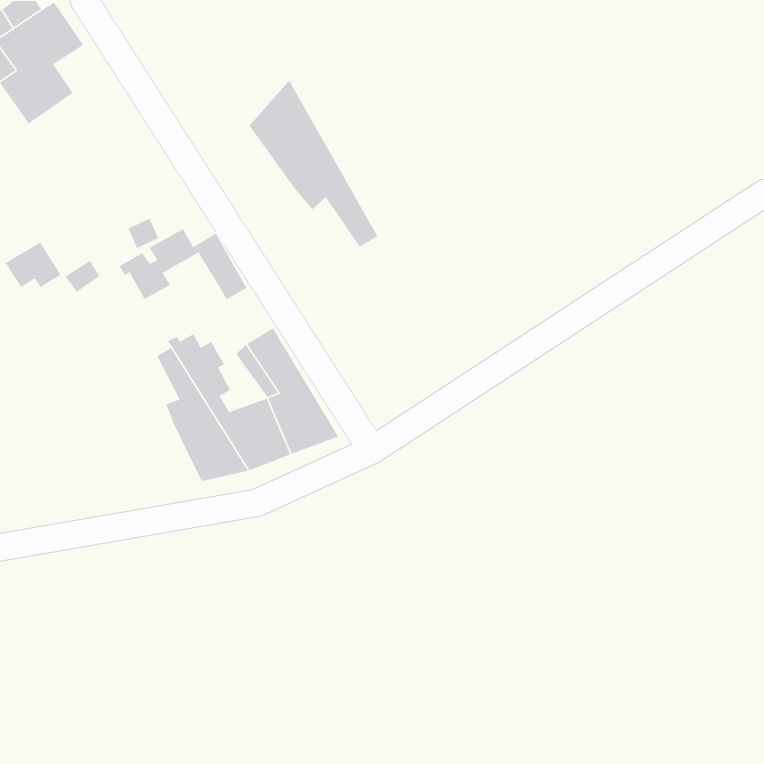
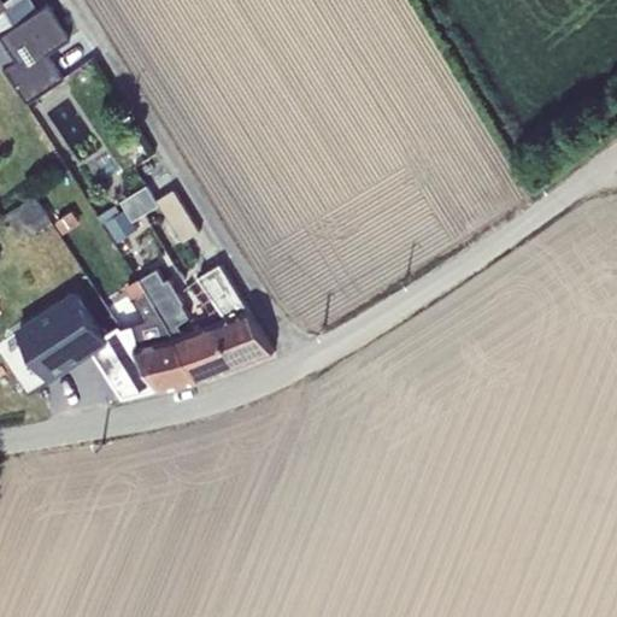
building: [249,79,378,248] -> none
building: none -> [17,294,161,399]

